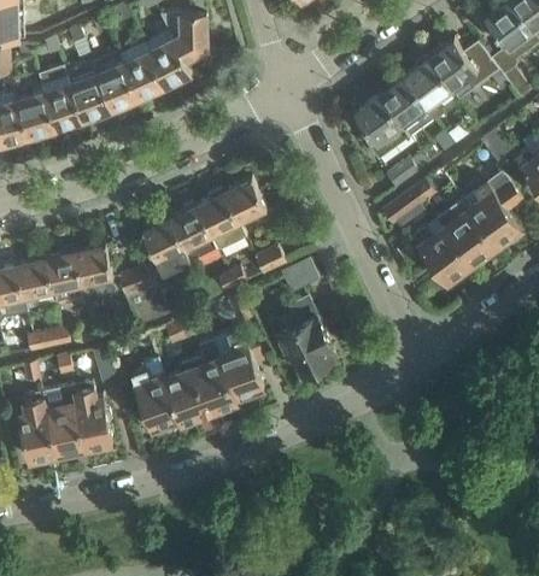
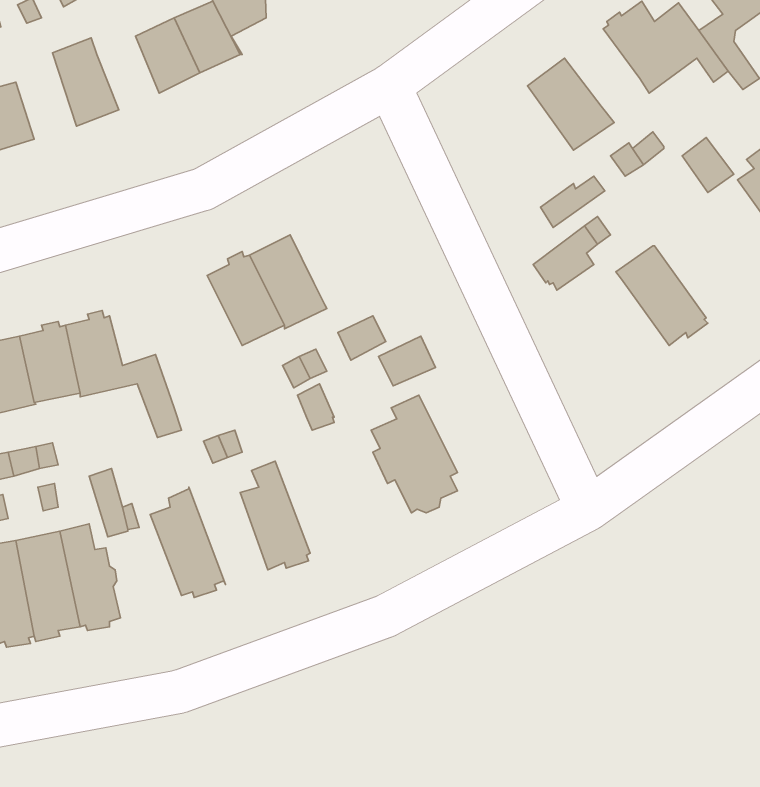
building: [403,57,452,118] -> none
building: [96,61,137,110] -> none
building: [39,66,83,129] -> none
building: [353,94,409,159] -> none
building: [462,170,526,246] -> none
building: [223,178,266,223] -> none
building: [135,217,192,319] -> none
building: [412,221,471,282] -> none
building: [213,331,263,400] -> none
building: [157,357,209,424] -> none

